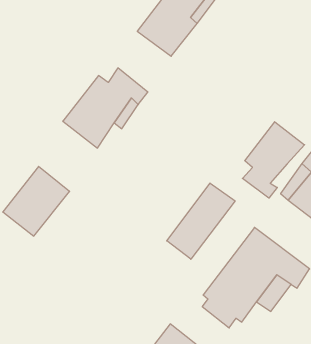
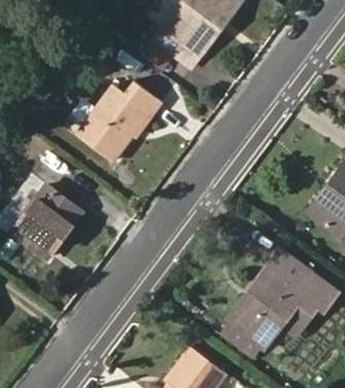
building: [242,122,305,198] -> none
building: [167,183,235,259] -> none

